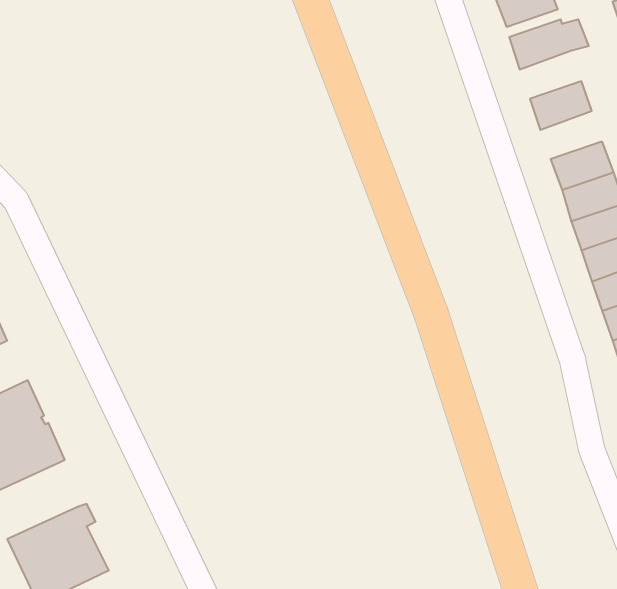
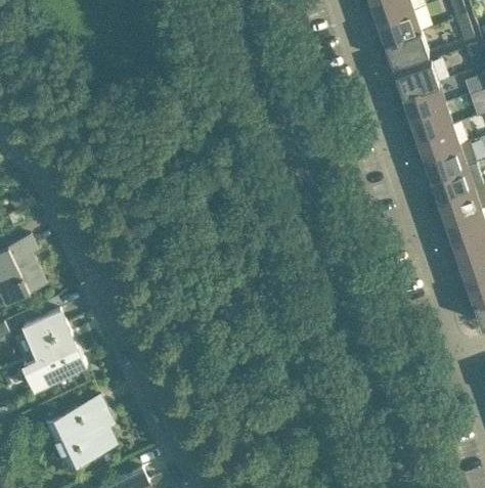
building: none -> [401,82,444,116]
building: none -> [415,124,458,158]

